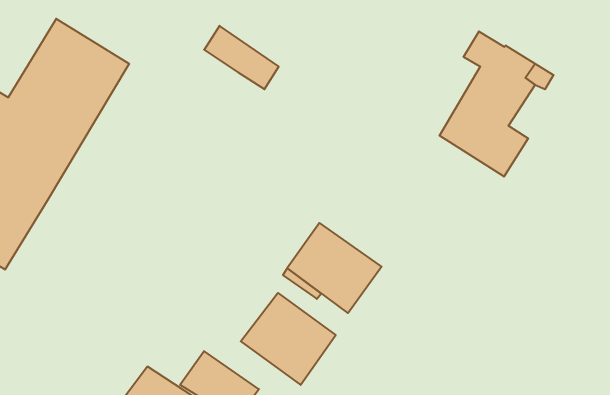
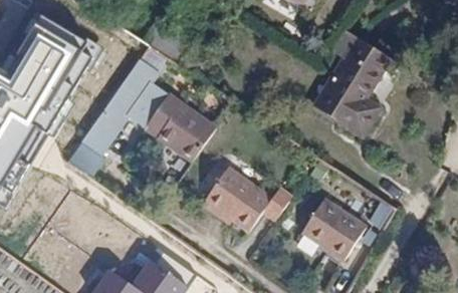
building: none -> [68,57,217,178]
building: none -> [301,200,365,260]
building: [241,293,336,385] -> none

